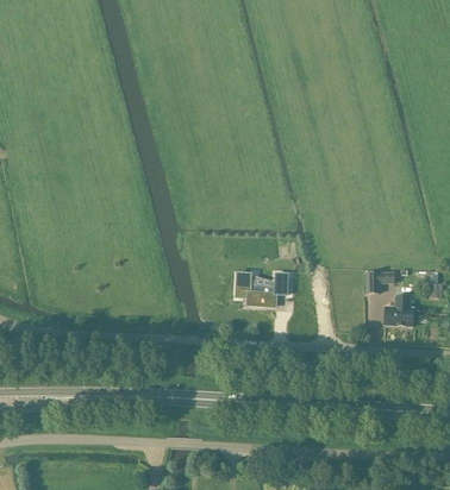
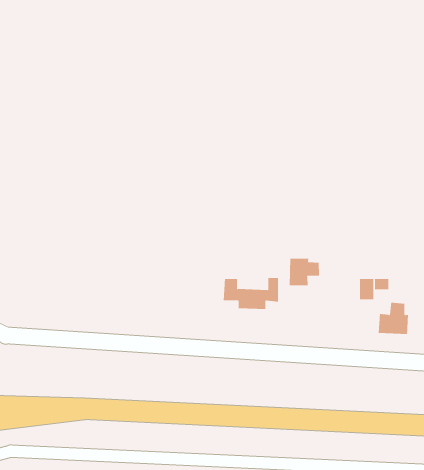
building: none -> [289,258,320,286]

